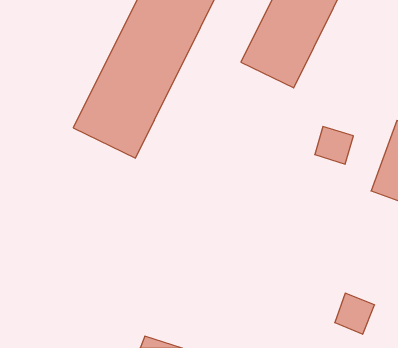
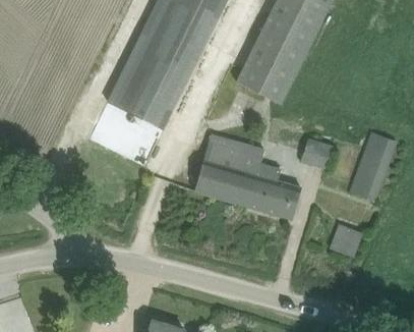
building: none -> [195,133,301,219]
building: [335,293,375,334] -> [329,223,363,259]

